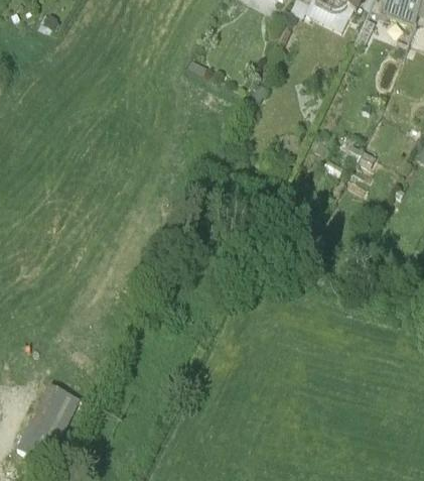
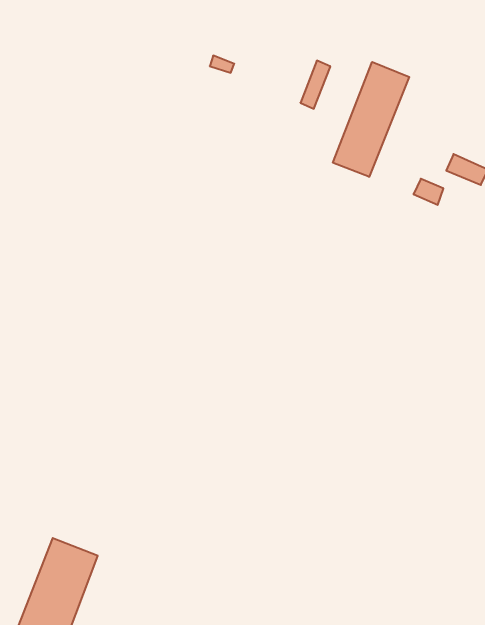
building: none -> [333,62,409,177]

